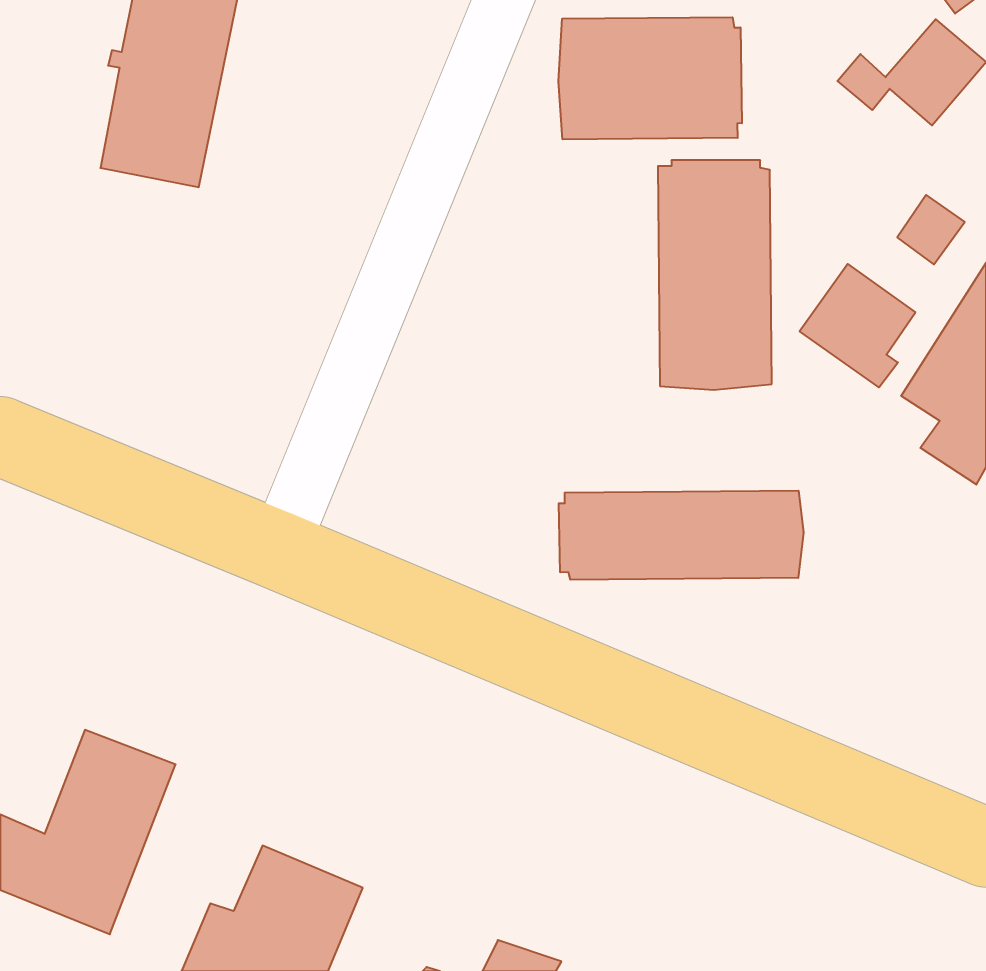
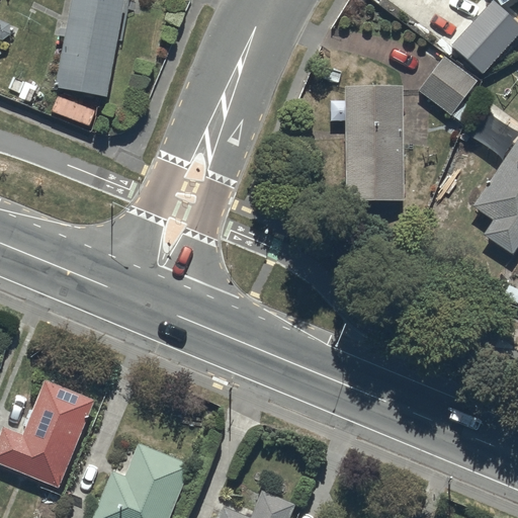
building: [559,17,742,139] -> none
building: [800,264,915,387] -> [418,54,479,118]
building: [559,491,803,580] -> none

